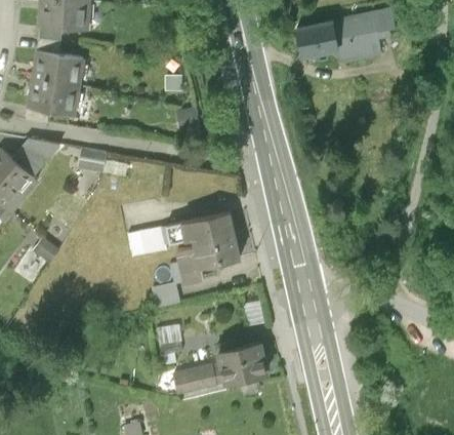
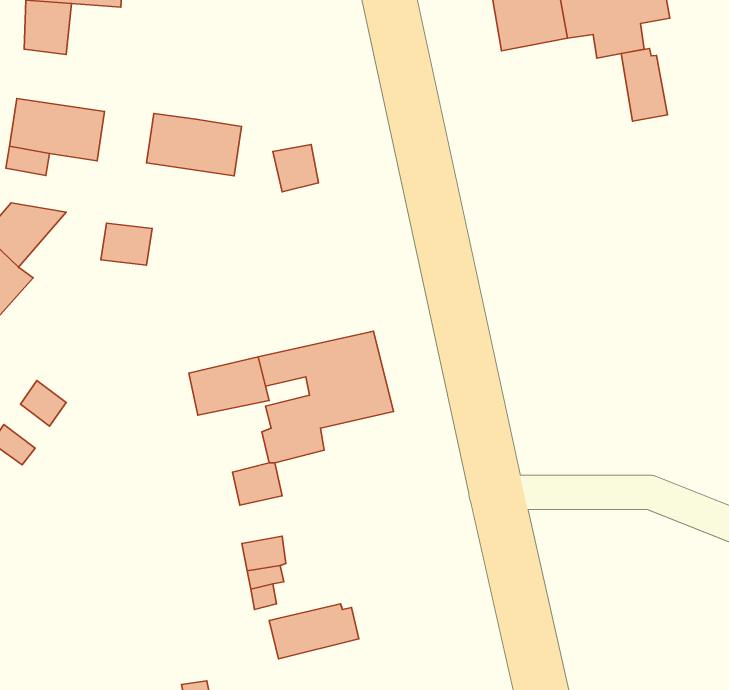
building: none -> [621,48,668,121]
building: [31,53,84,88] -> [146,114,242,176]
building: [215,340,269,384] -> none

